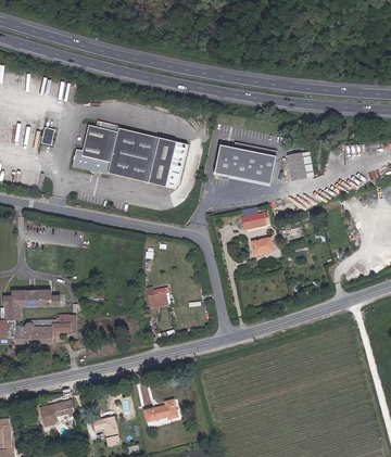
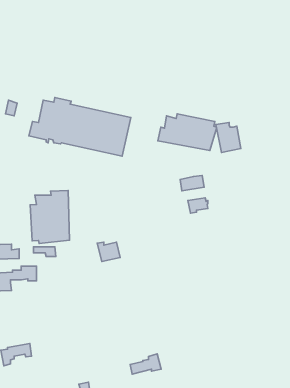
building: none -> [30,190,70,243]
building: [143,399,178,422] -> [130,354,161,374]
building: [92,417,121,446] -> none

